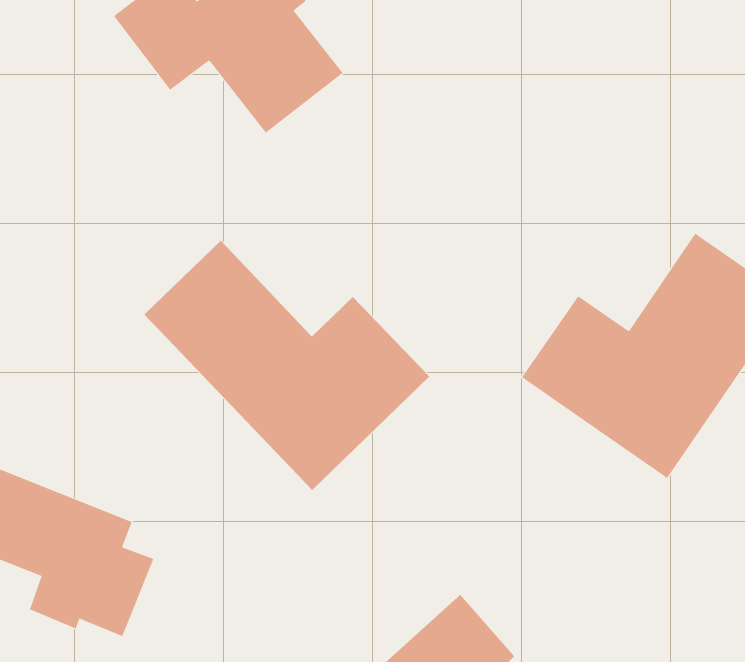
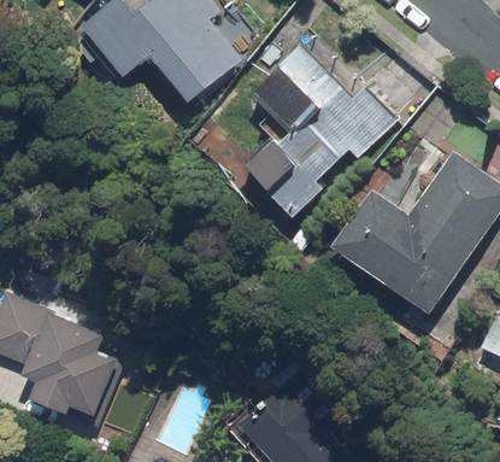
building: none -> [253,53,386,212]
building: [144,240,430,491] -> none

